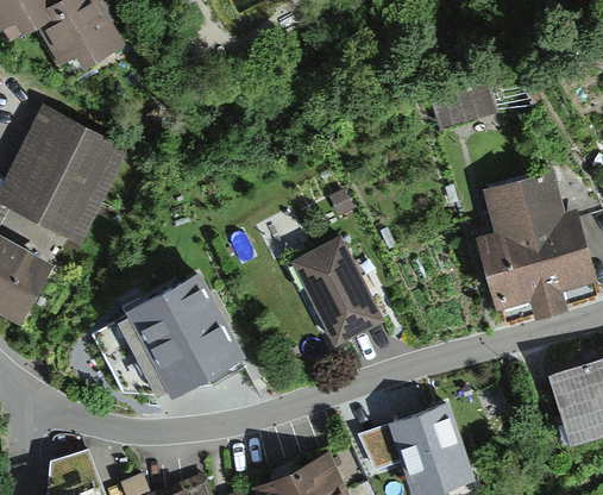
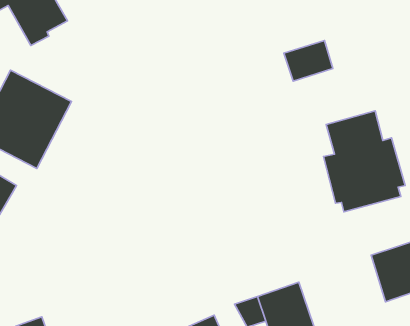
building: [289,230,383,340] -> none
building: [92,278,240,402] -> none

